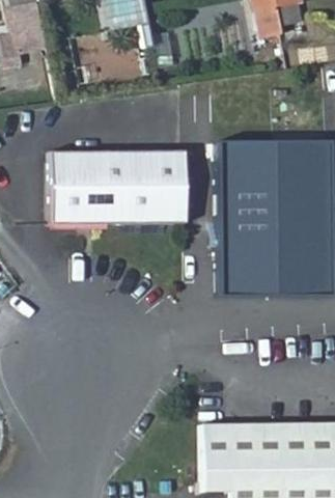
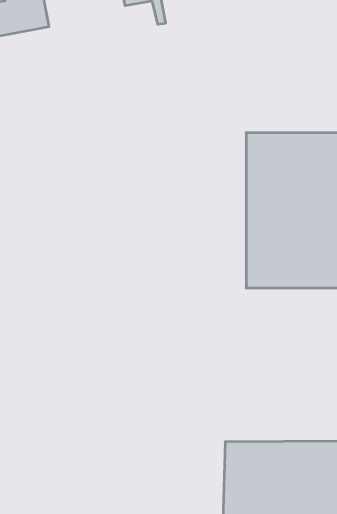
building: [53,151,190,225] -> none

